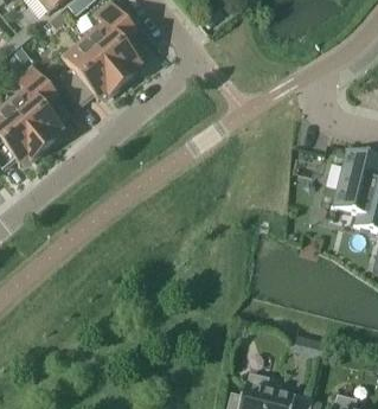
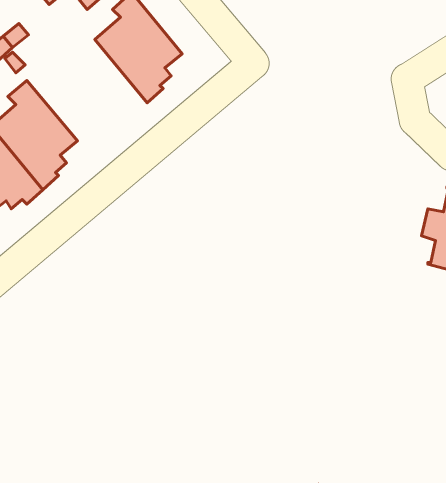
building: [60,37,122,103] -> none

